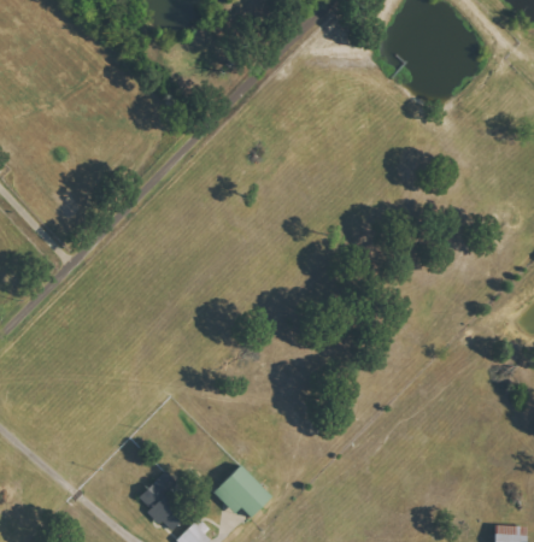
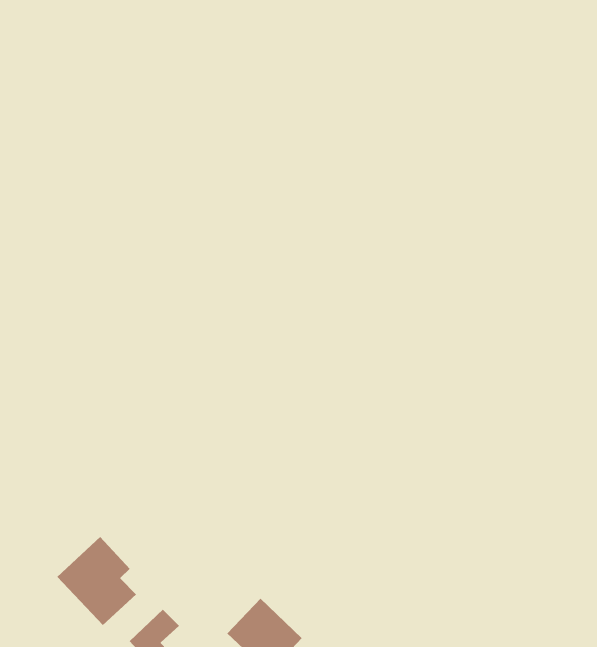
building: none -> [57,536,137,626]

